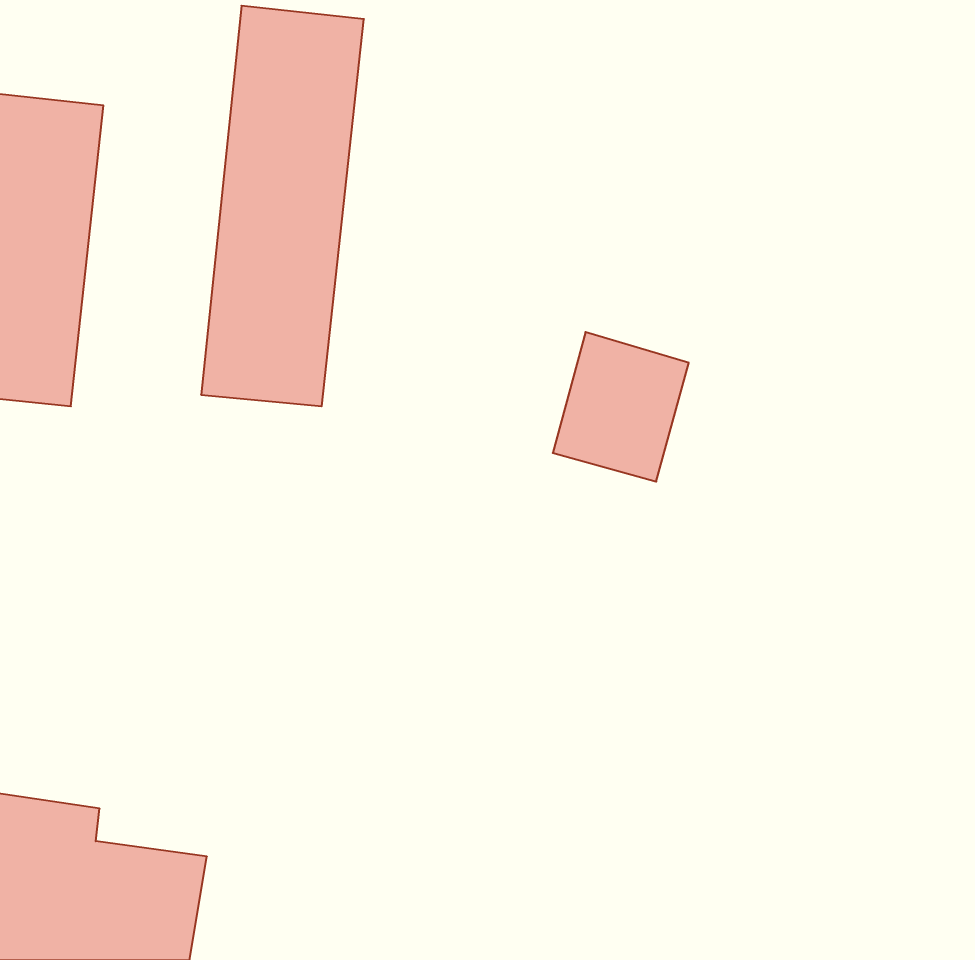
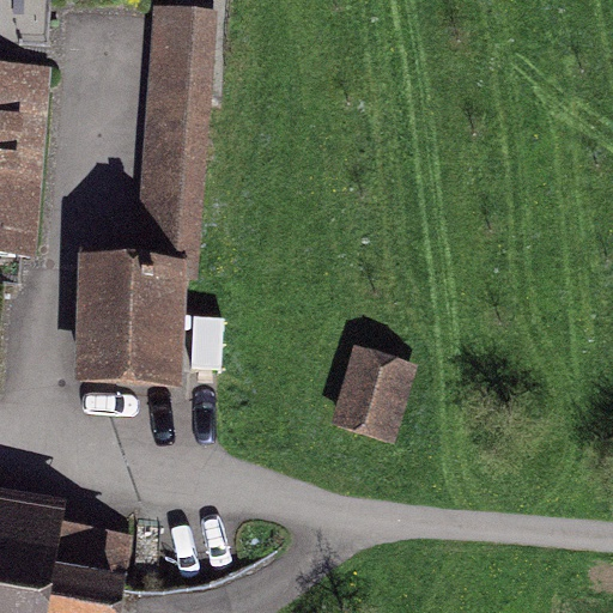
building: [553,332,689,482] -> [330,344,415,437]
building: none -> [67,259,198,392]

